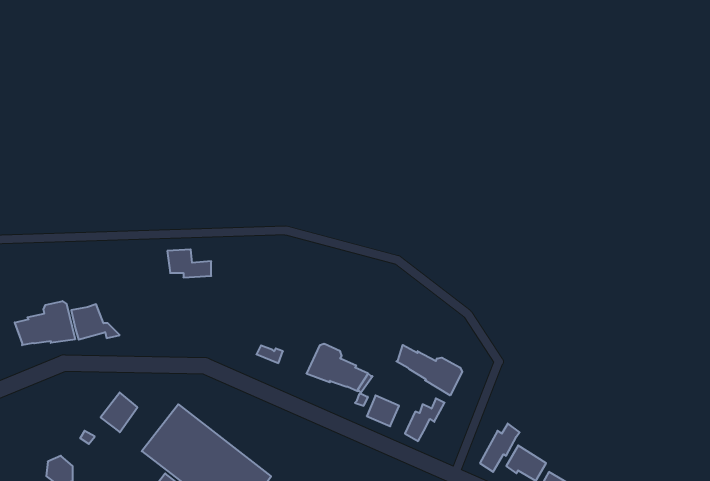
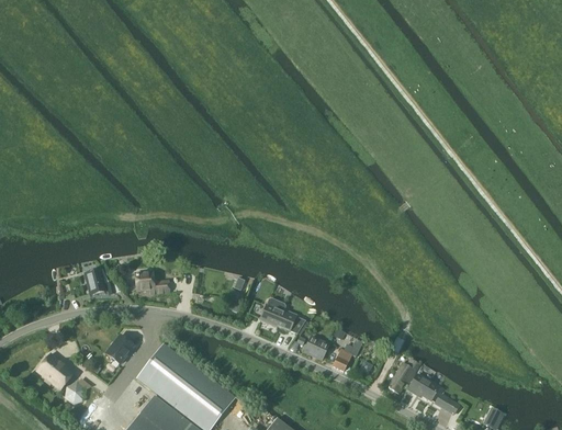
building: [167,249,211,277] -> [135,273,168,294]
building: [15,301,75,345] -> none
building: [396,345,462,395] -> none
building: none -> [36,353,74,389]

